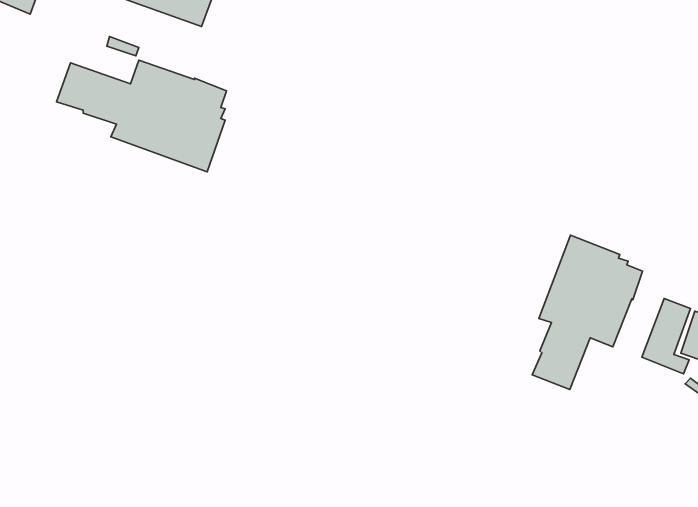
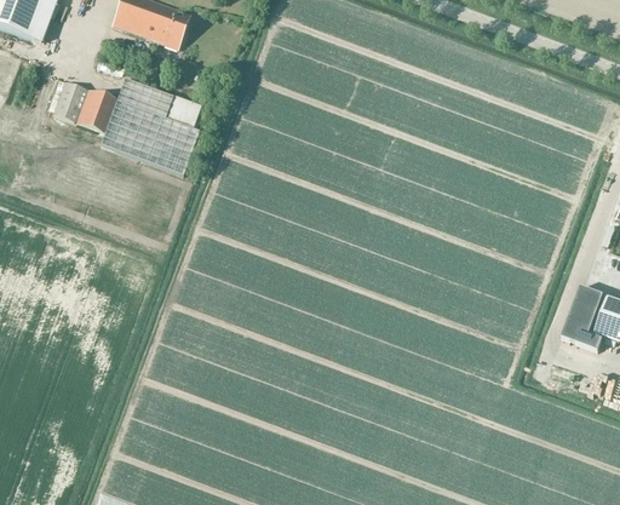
building: [532,235,643,389] -> none

